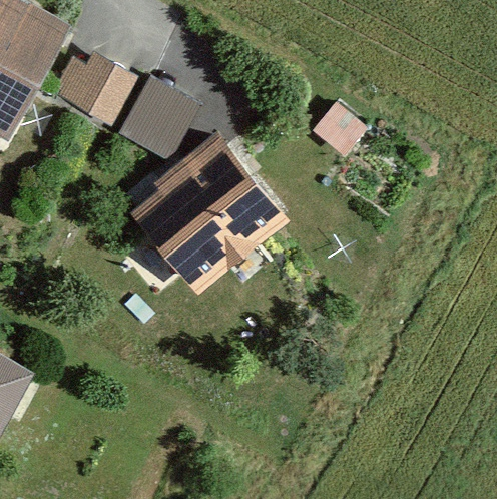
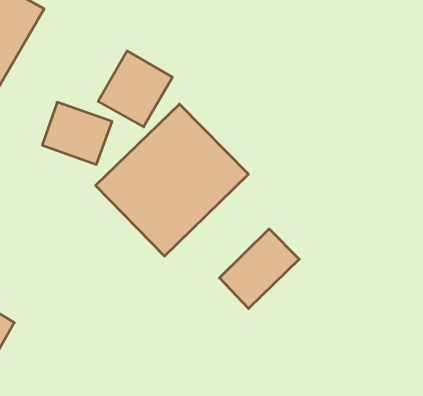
building: [58,49,138,120] -> [42,102,112,164]
building: none -> [219,229,299,309]

